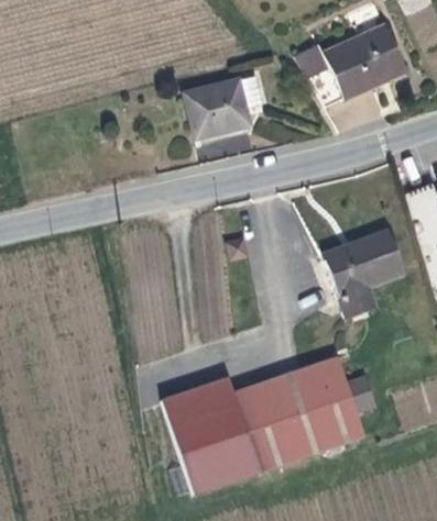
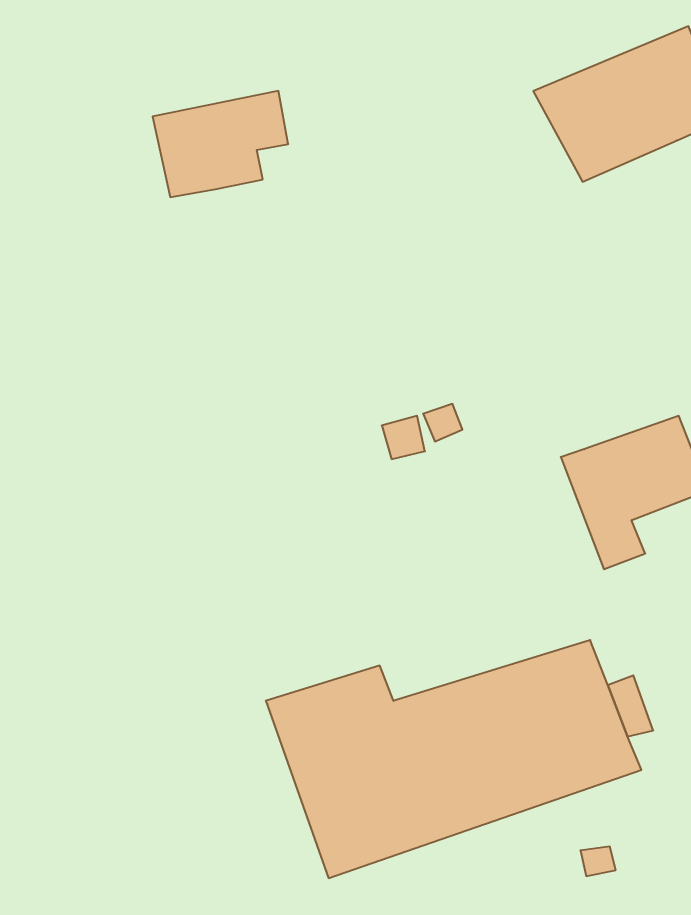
building: [194,70,270,130] -> [153,91,288,197]

